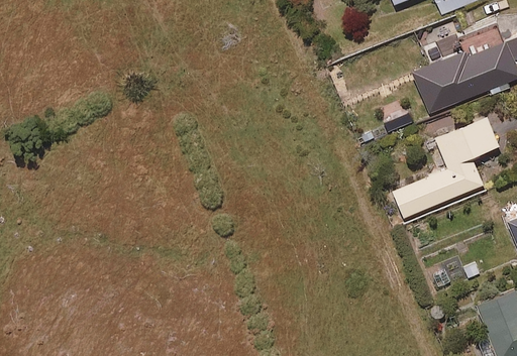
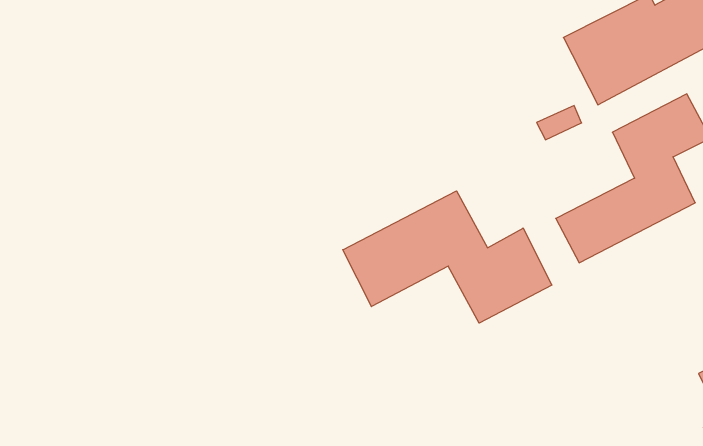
building: none -> [343,191,552,323]

